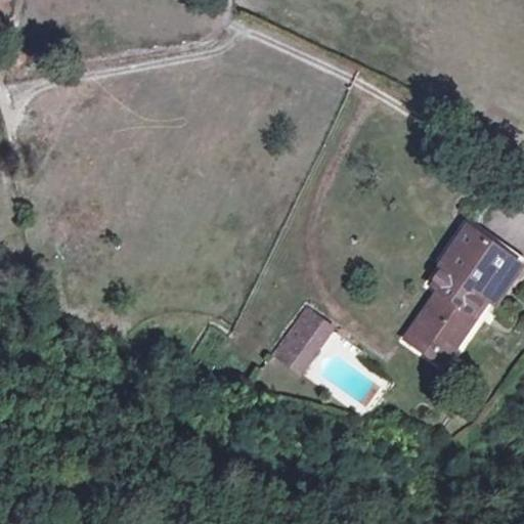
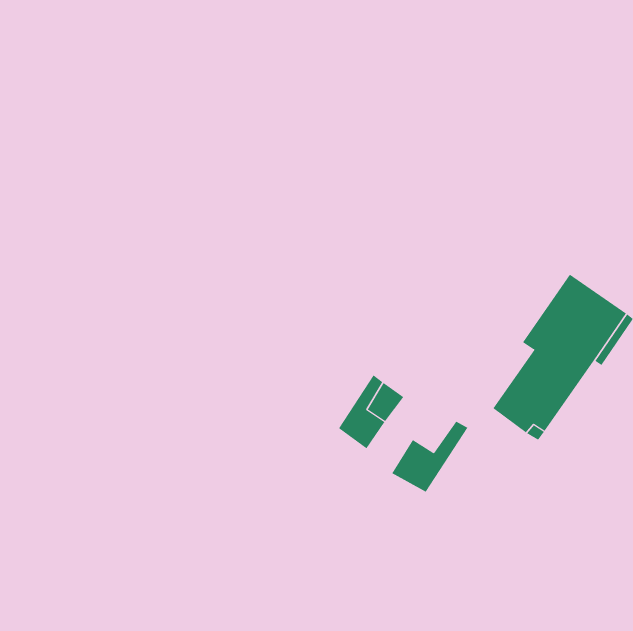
building: none -> [392,421,468,493]

